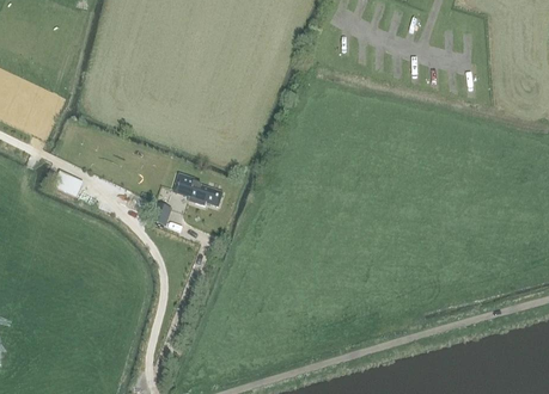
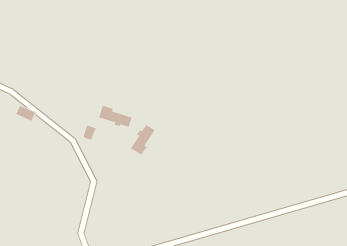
building: none -> [130,124,155,156]

